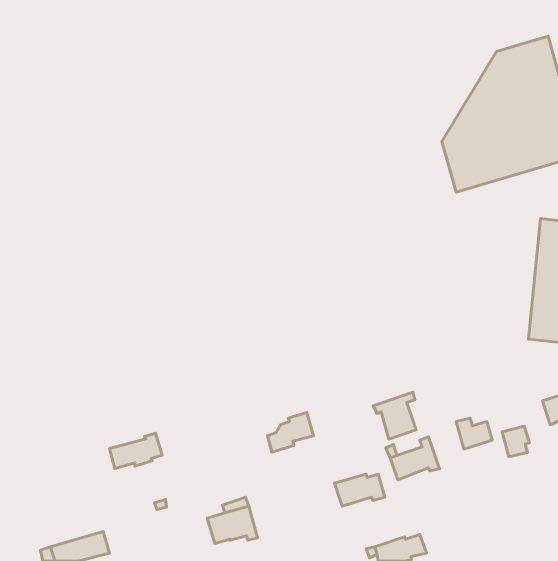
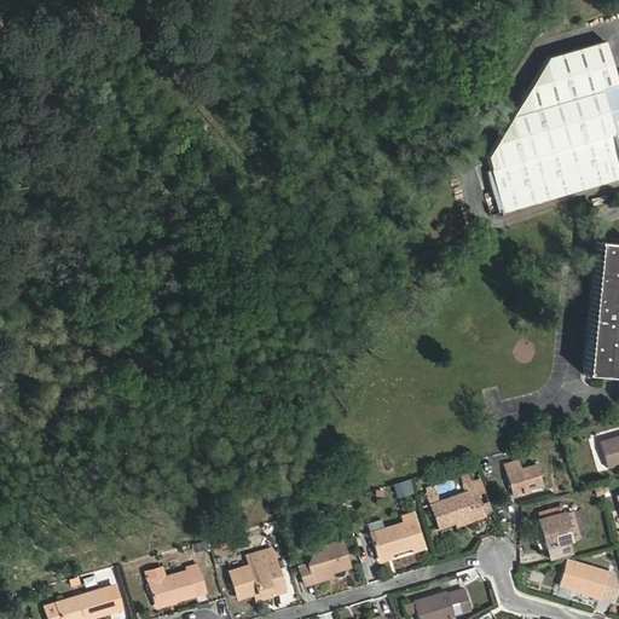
building: [373,392,416,439] -> none
building: [267,413,313,452] -> [301,542,352,585]
building: [502,426,530,457] -> [542,513,572,546]
building: [110,433,162,468] -> [150,565,208,603]
building: none -> [561,560,609,597]

